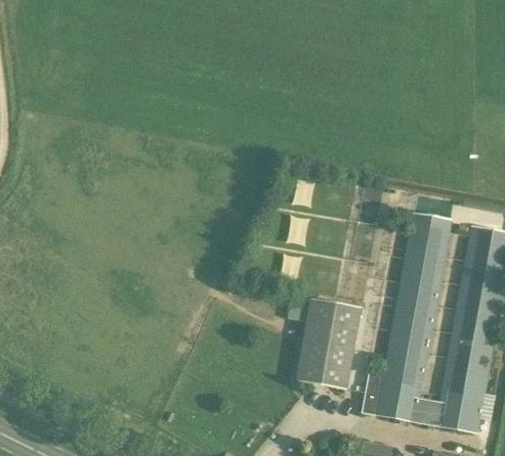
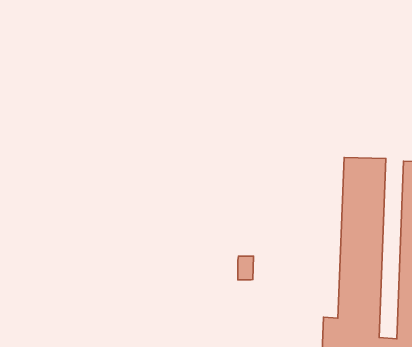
building: [298,299,362,389] -> none

